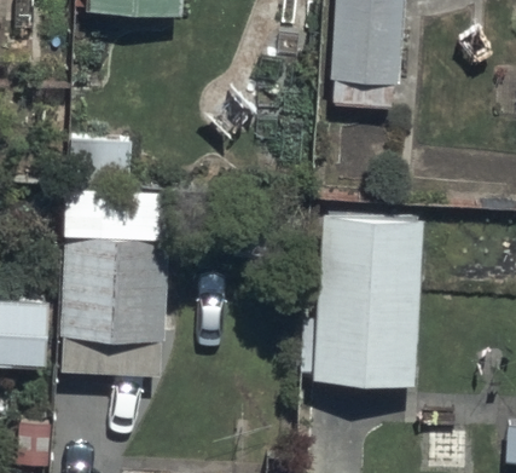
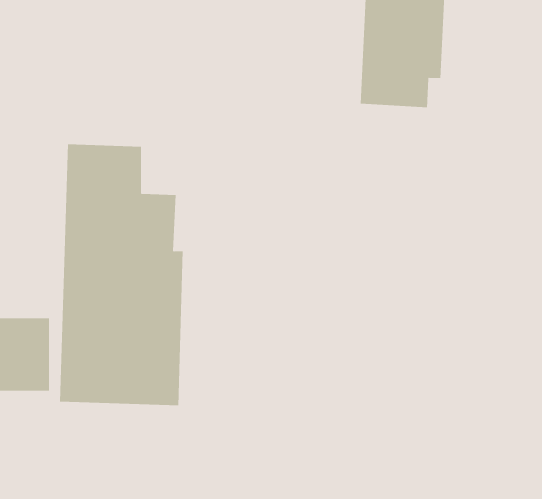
building: [300,214,422,385] -> none

